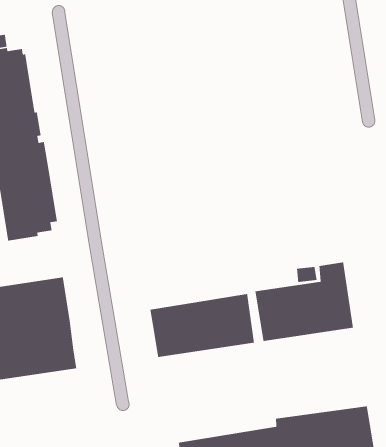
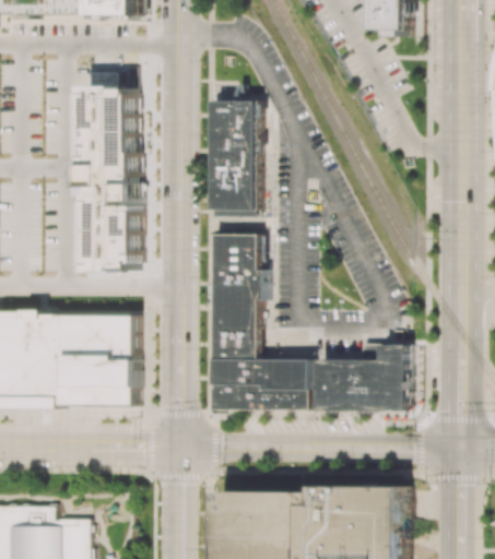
building: none -> [212,100,257,217]
building: none -> [212,233,263,359]

